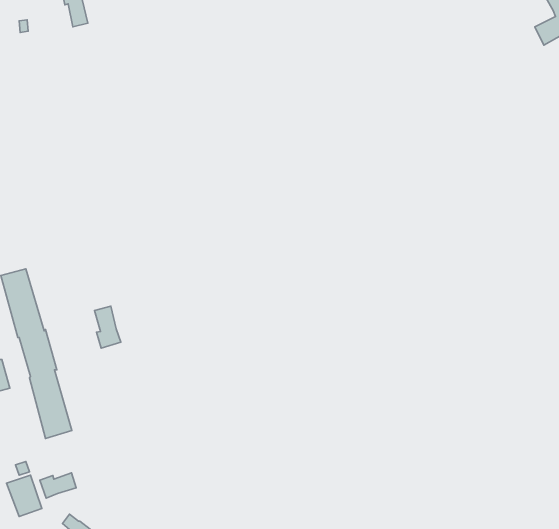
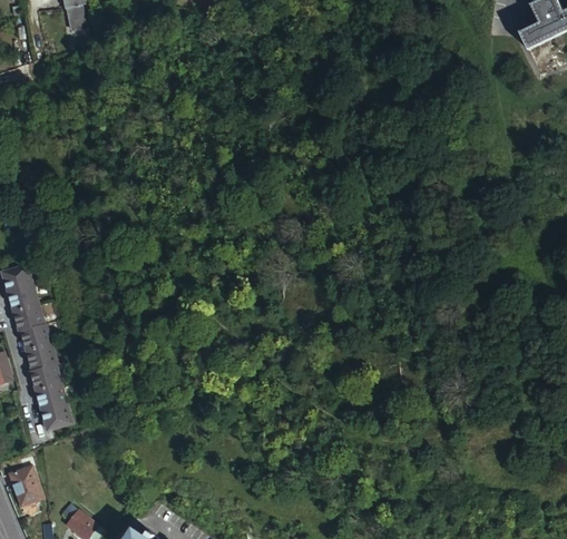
building: [95,306,121,348] -> none
building: [40,473,76,498] -> none

